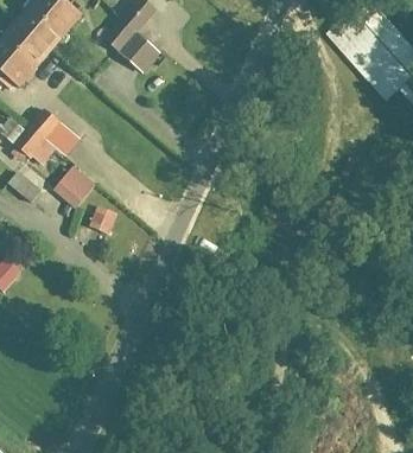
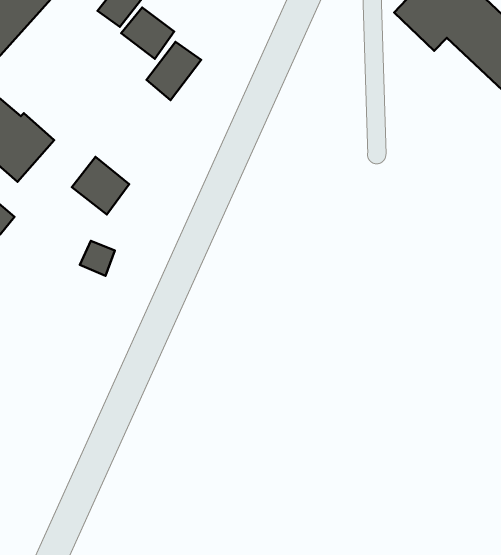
building: none -> [146,42,201,100]
building: [47,166,90,209] -> [72,157,129,214]

